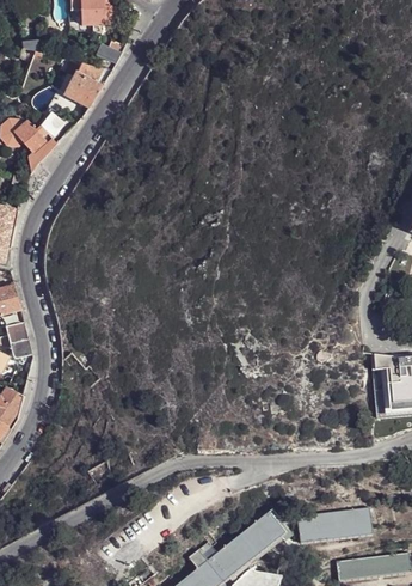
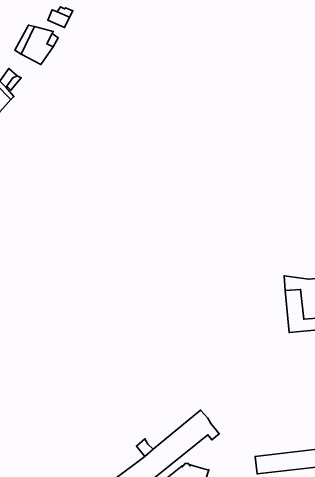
building: [299,507,374,542] -> none

